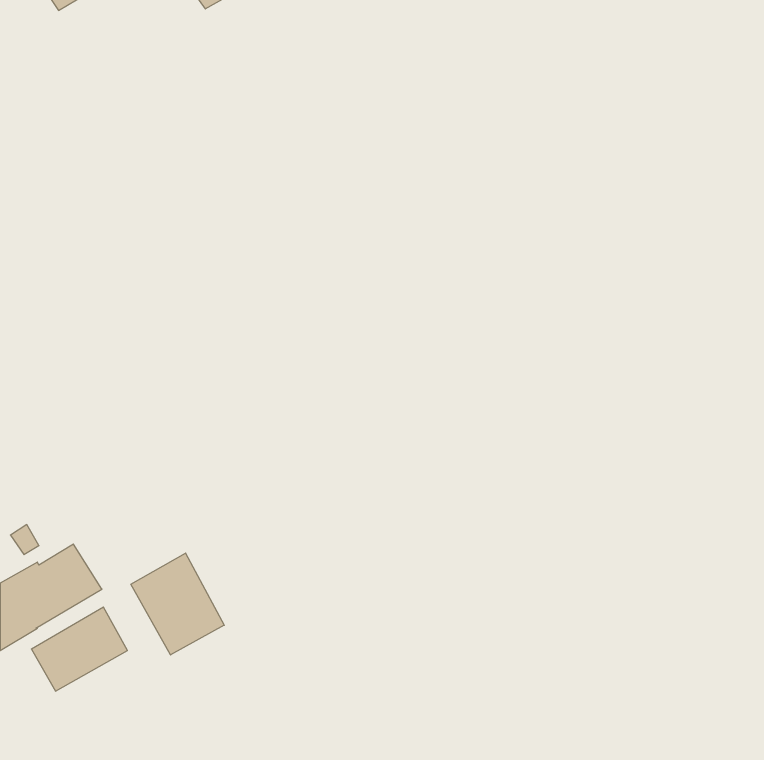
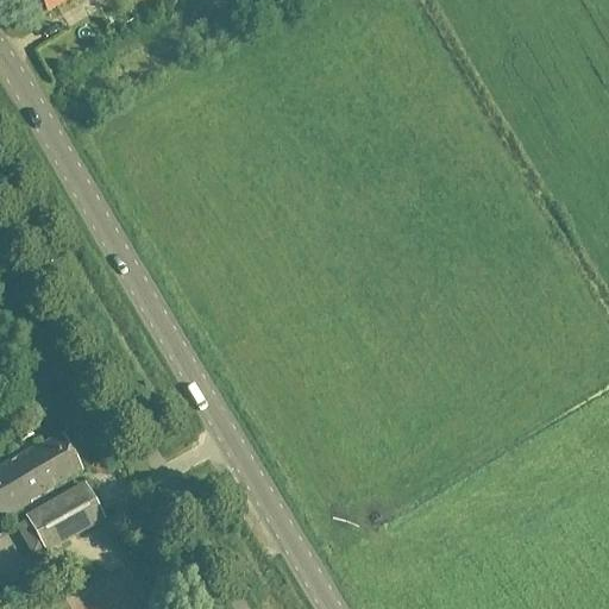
building: [131,553,224,655] -> none

